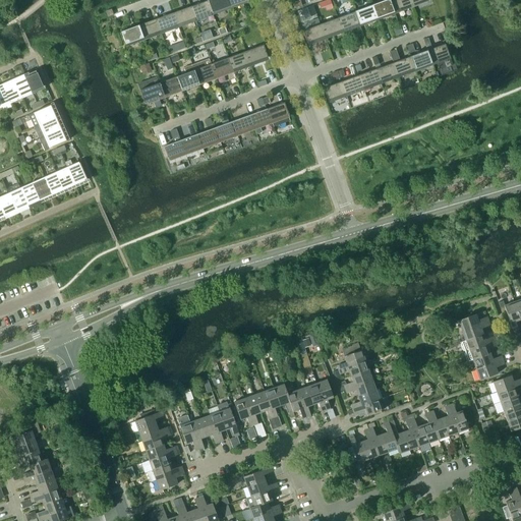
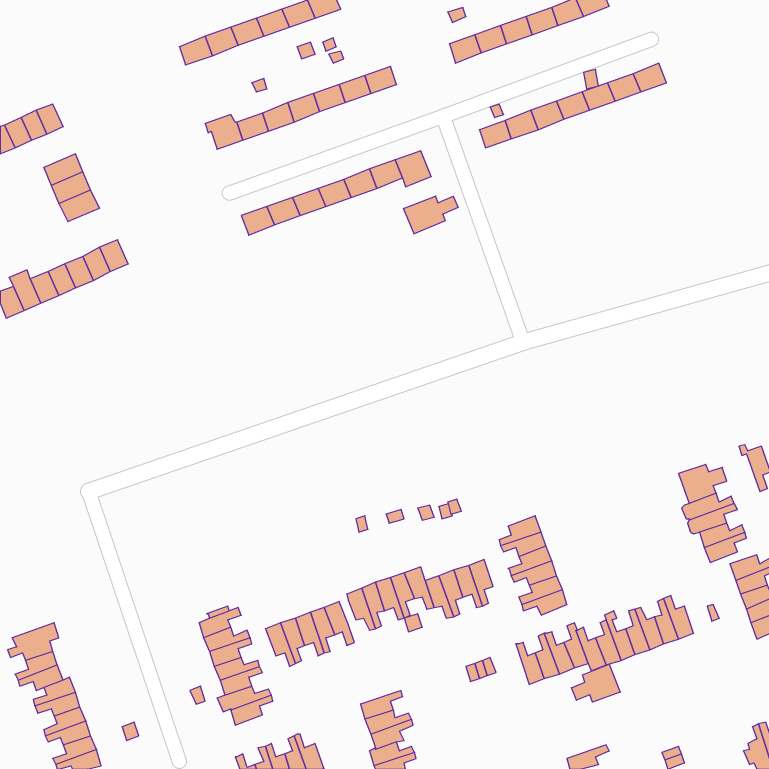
building: none -> [404,196,458,234]
building: none -> [571,664,620,702]

